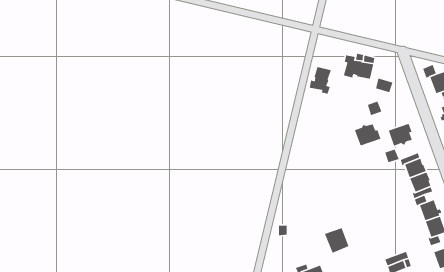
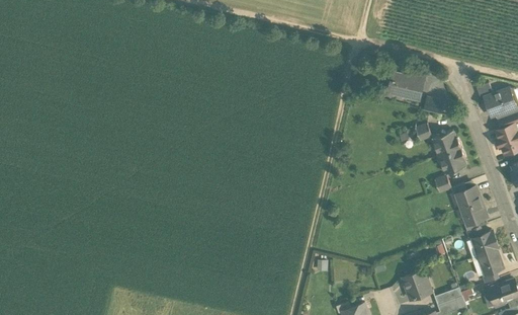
building: [309,66,332,95] -> none
building: [354,123,381,146] -> [431,131,461,156]
building: [324,227,350,254] -> [403,271,431,301]

